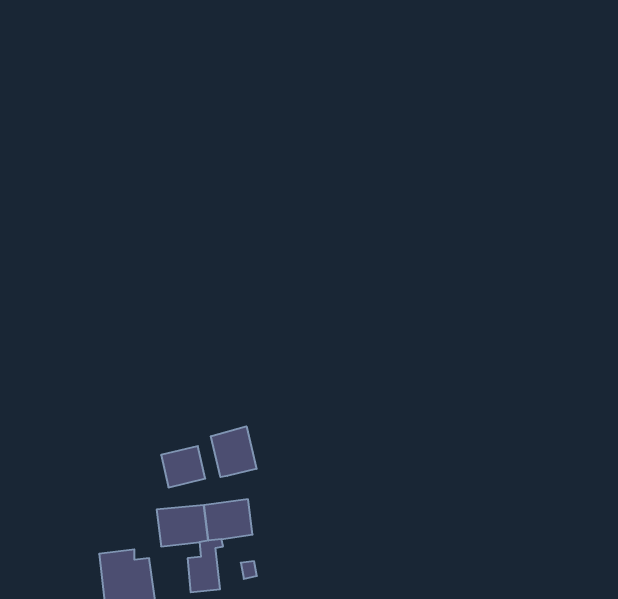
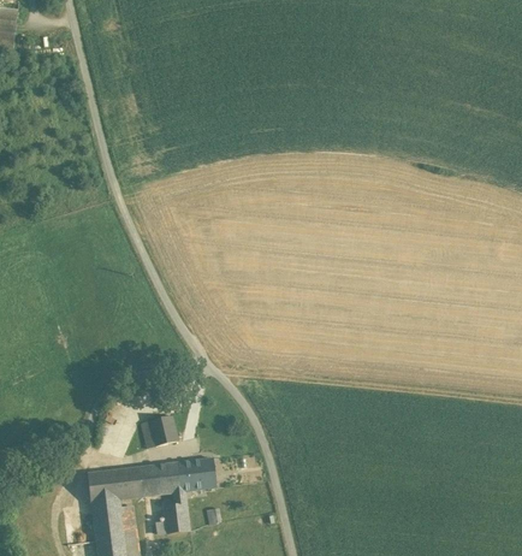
building: [211,426,257,477] -> none
building: none -> [85,466,141,502]

